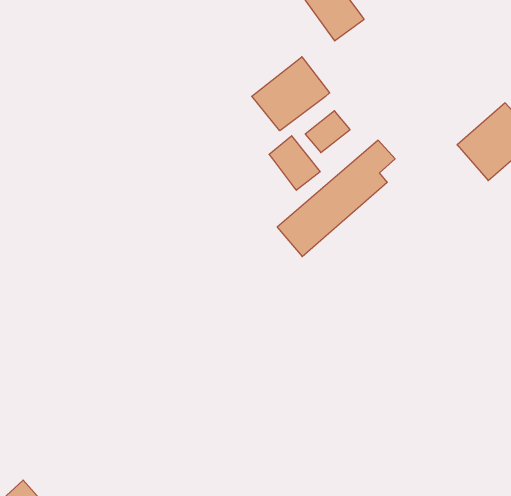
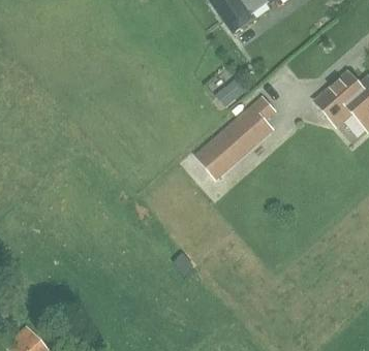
building: [252,57,330,131] -> none
building: [269,136,320,190] -> none

